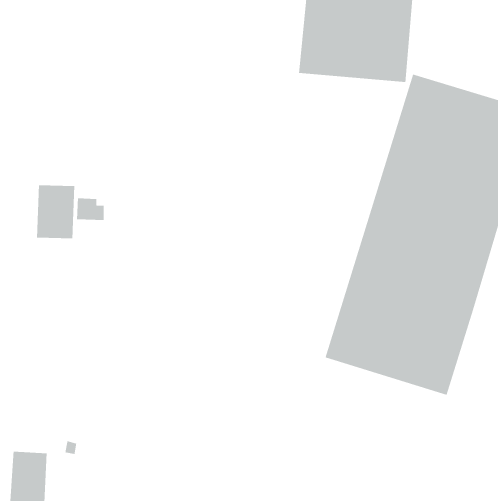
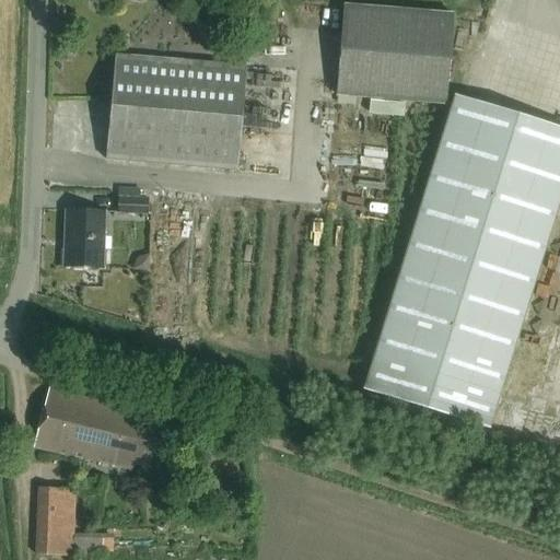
building: none -> [105,51,247,168]
building: [76,198,105,221] -> [118,187,148,211]
building: none -> [34,384,160,466]

